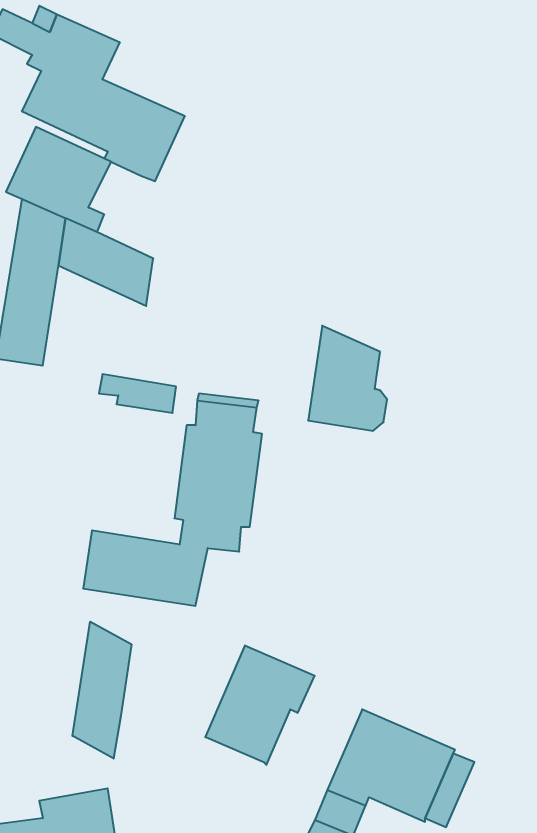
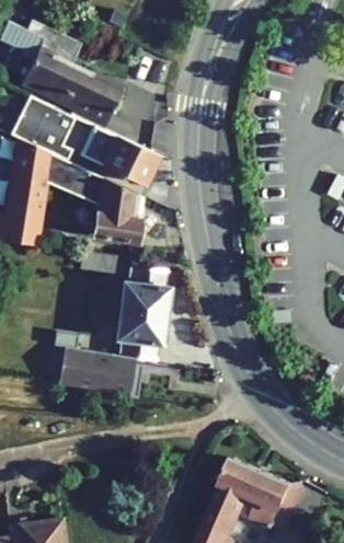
building: none -> [81,126,160,185]
building: [308,326,387,431] -> [93,177,142,243]
building: [72,622,131,759] -> none
building: [205,645,315,765] -> none

